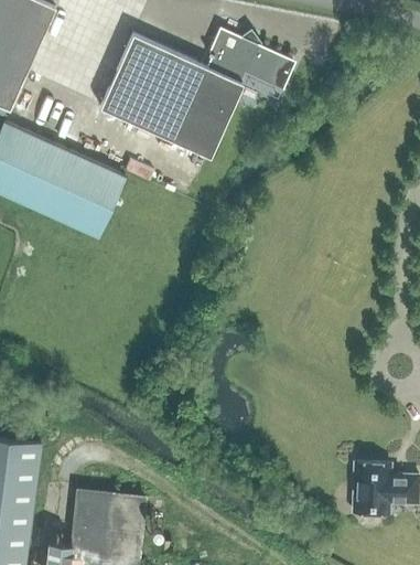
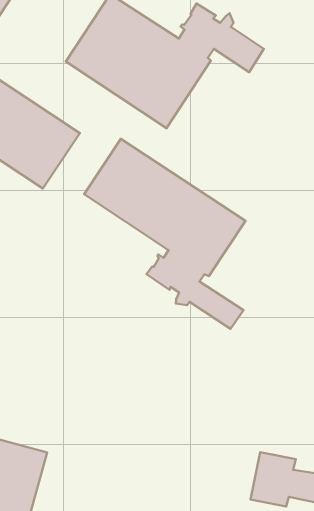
building: none -> [84,139,246,329]

